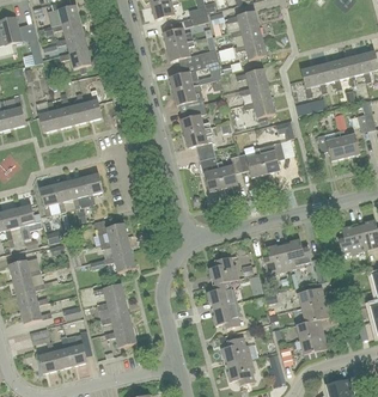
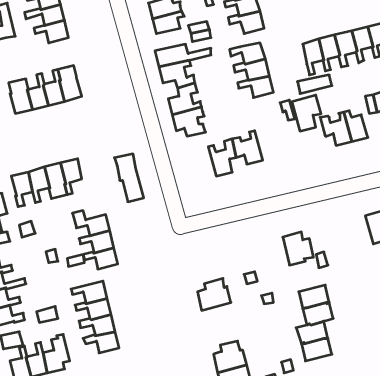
building: [258,141,285,173] -> [292,95,321,131]
building: [197,148,224,191] -> [114,154,144,202]
building: [337,224,365,252] -> none
building: [263,243,289,271] -> none
building: [208,256,239,285] -> none
building: [211,301,240,329] -> none

